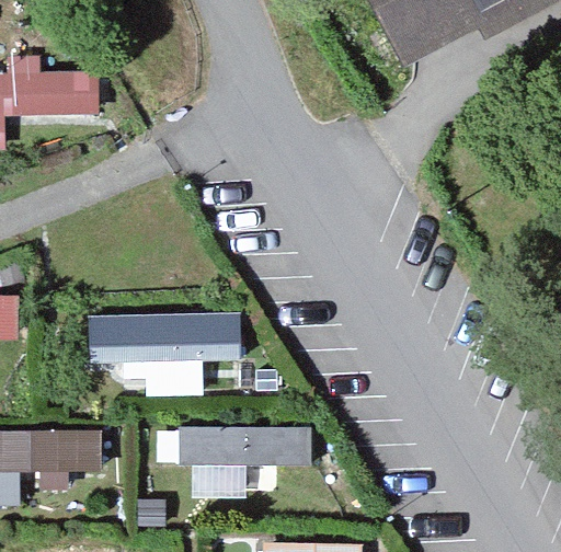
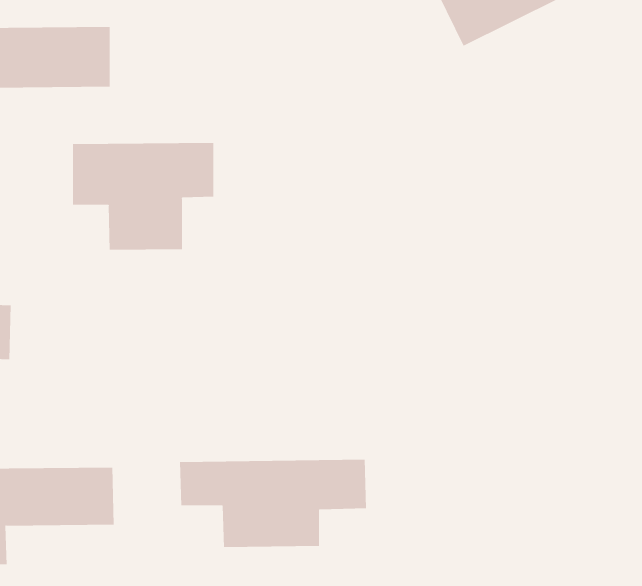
building: none -> [72,142,214,250]
building: [85,311,241,392] -> none

